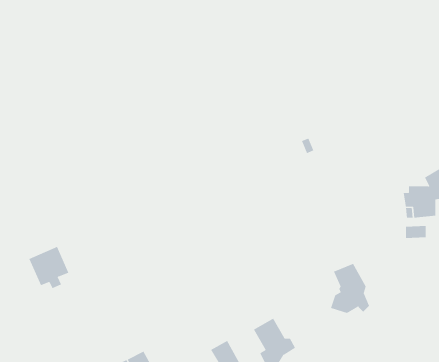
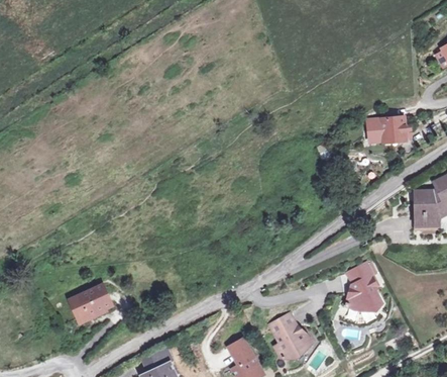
building: none -> [367,118,406,145]
building: [29,246,69,289] -> [77,285,115,325]

